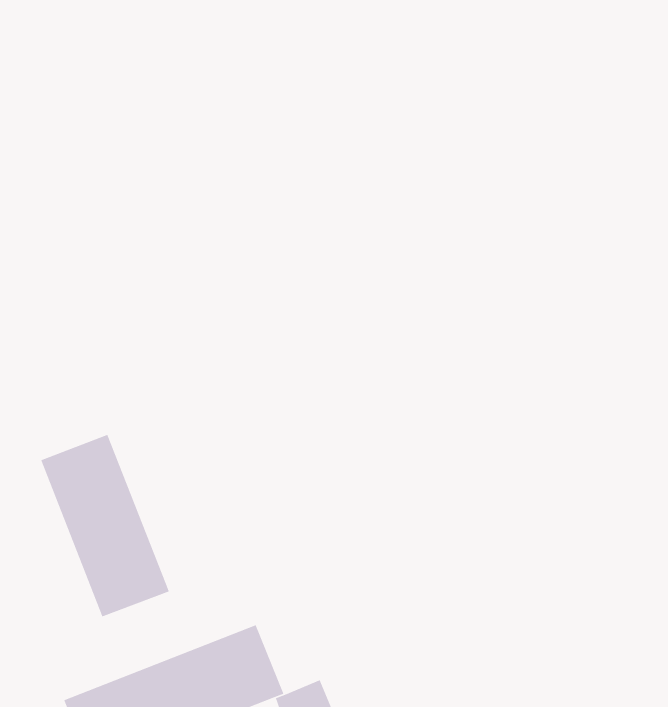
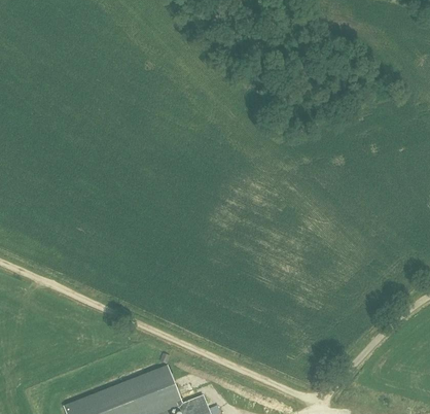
building: [40,434,170,618] -> none

